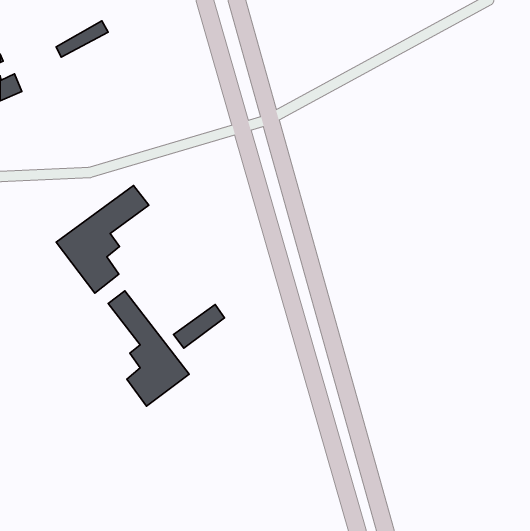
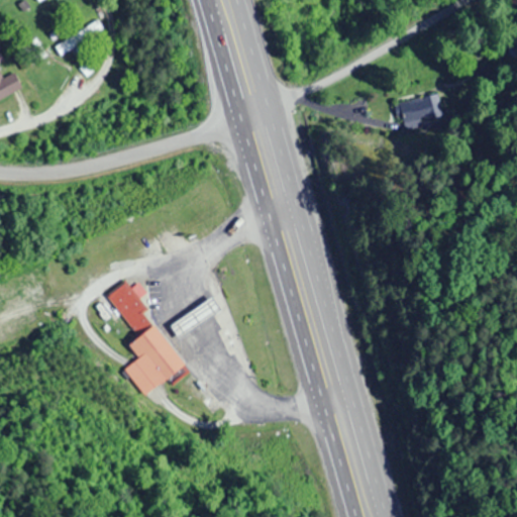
building: none -> [391,93,445,130]
building: [56,185,149,293] -> none

